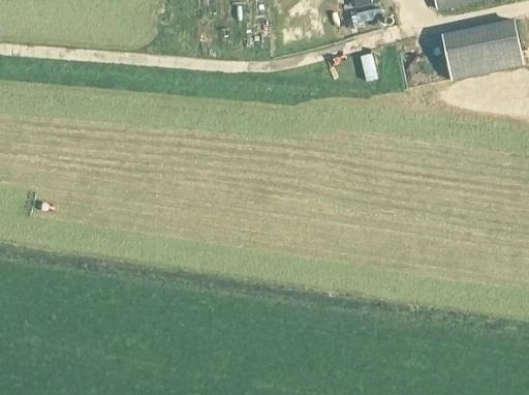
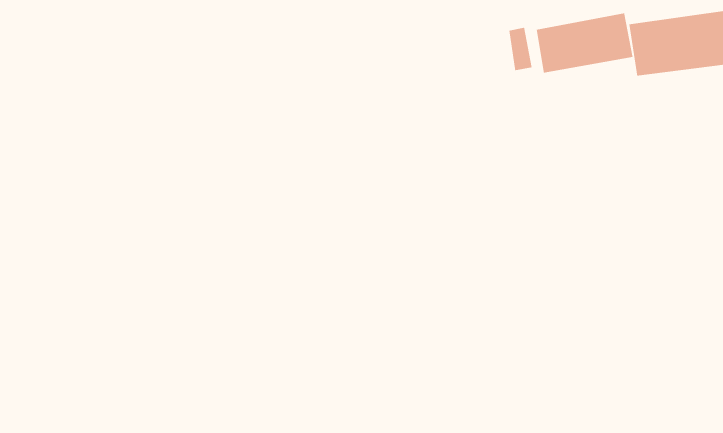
building: none -> [536,12,633,74]

